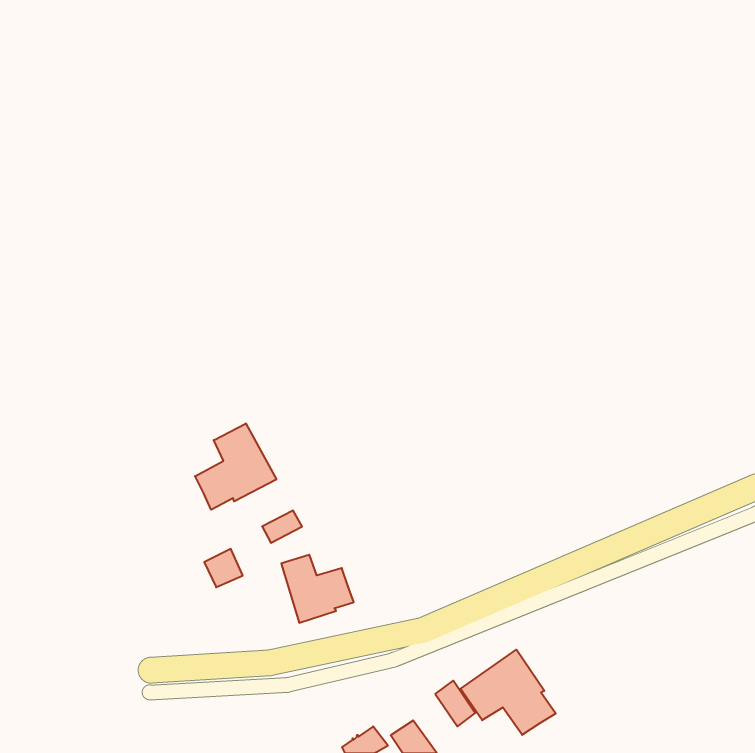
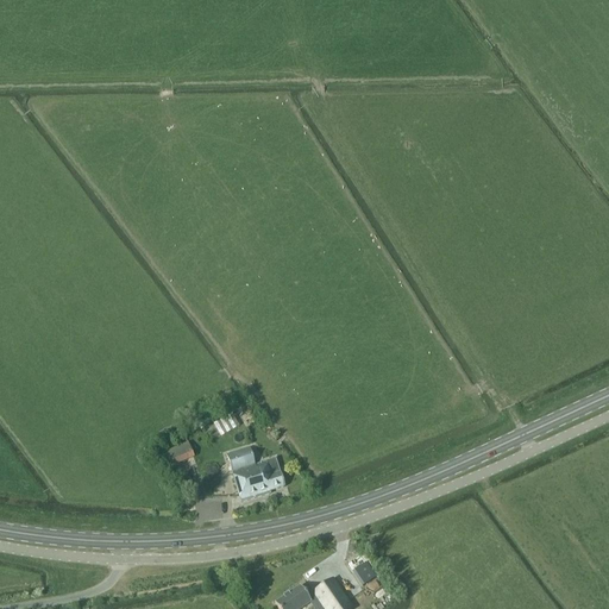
building: [195,423,276,510] -> none
building: [461,650,556,735] -> none

